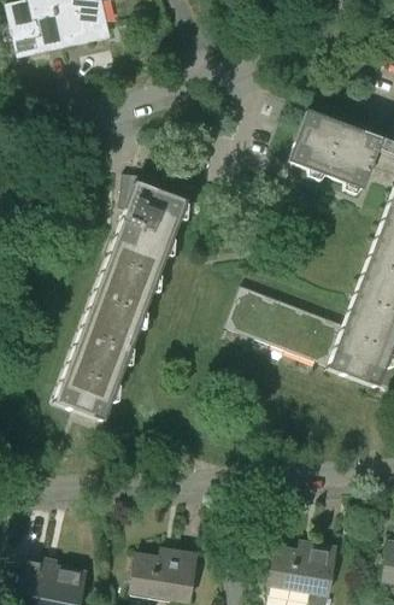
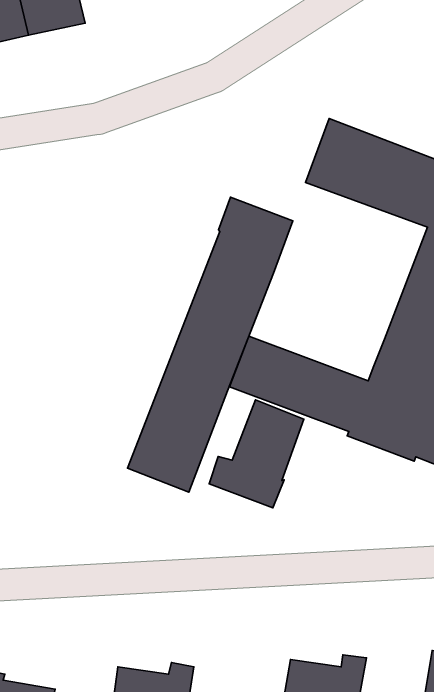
building: [52,183,186,422] -> [128,197,293,492]
building: none -> [209,400,304,508]

